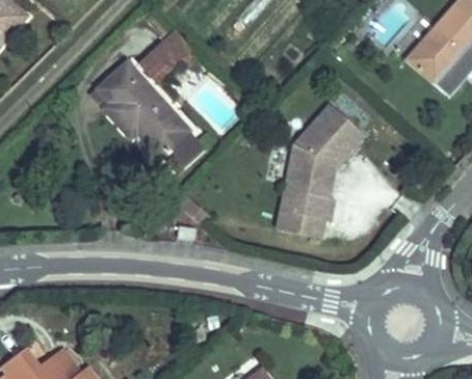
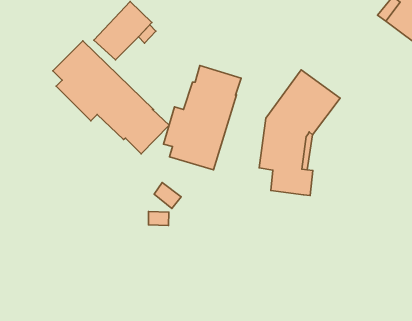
building: none -> [164,65,241,170]
building: [277,193,323,239] -> none

